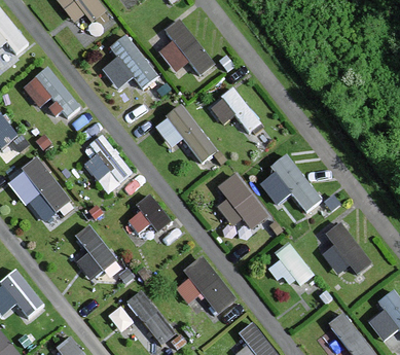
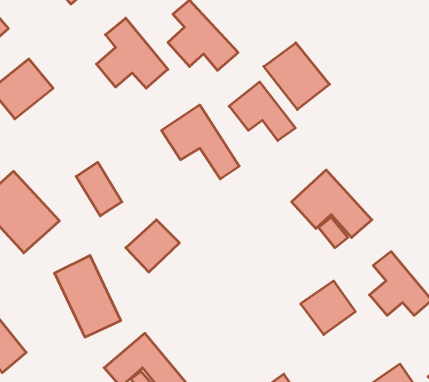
building: none -> [264,43,330,110]
building: [218,172,270,229] -> none
building: [172,258,237,314] -> none

